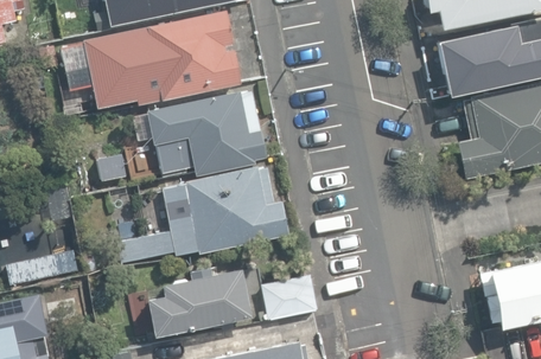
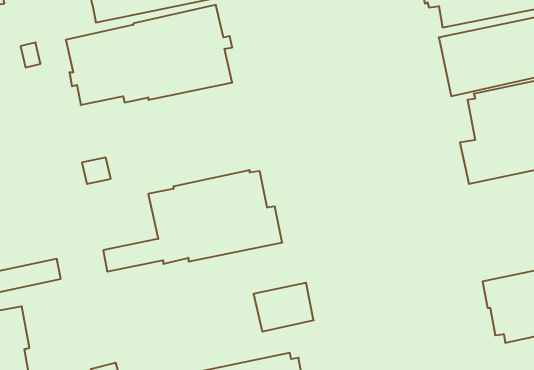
building: [147,92,267,178] -> none
building: [145,269,249,336] -> none

